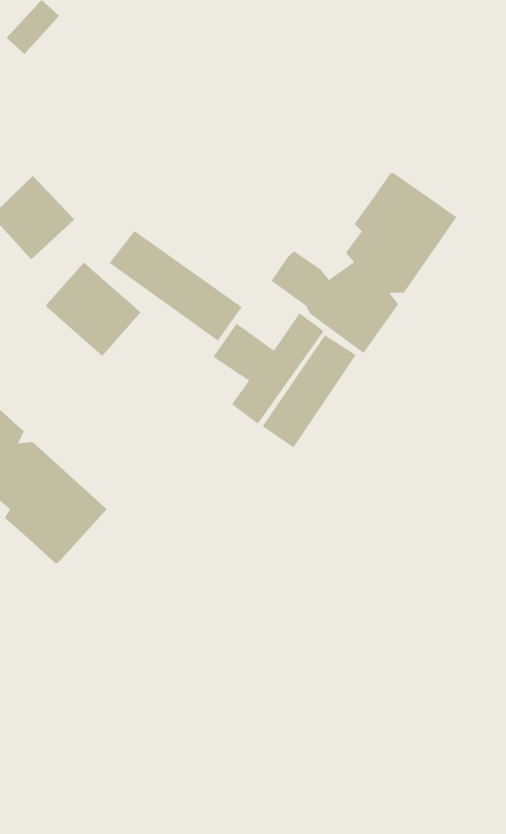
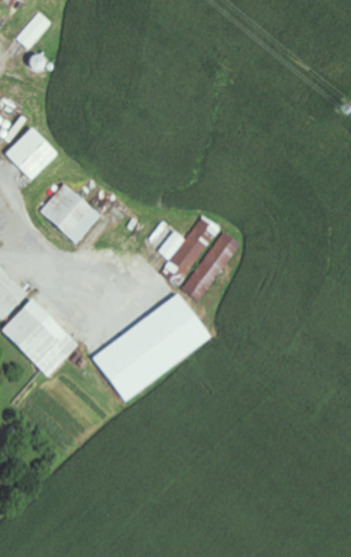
building: [271,172,457,354] -> none
building: [109,230,242,342] -> none
building: none -> [90,293,213,401]

